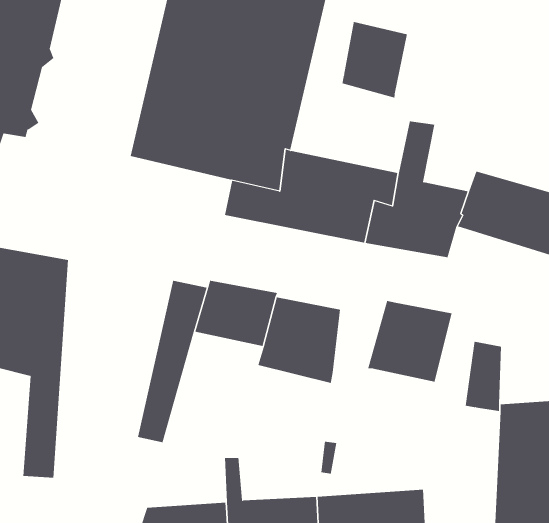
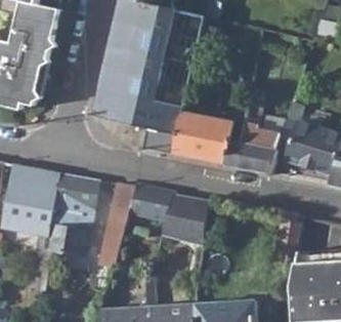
building: [342,21,408,99] -> none
building: none -> [52,173,97,257]
building: [367,300,452,382] -> none

